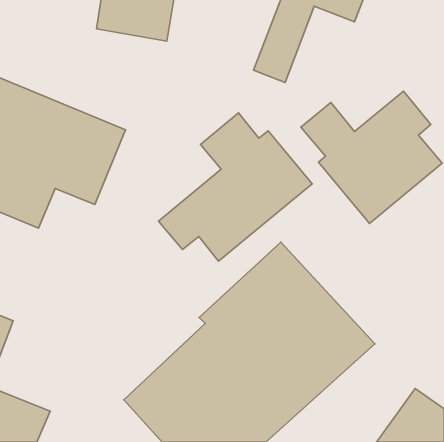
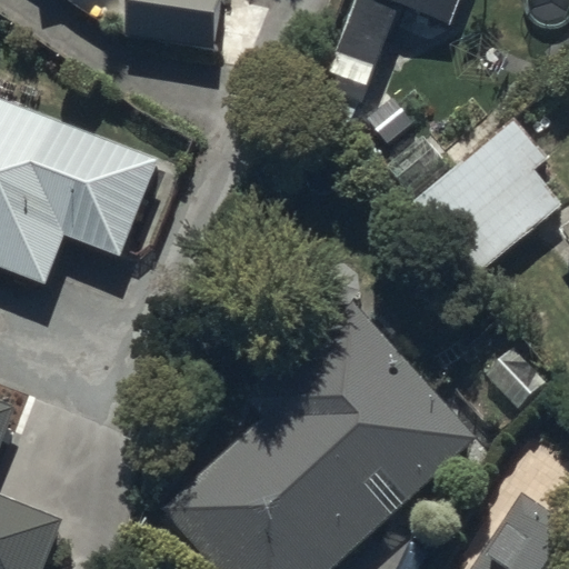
building: [159,113,312,261] -> none

